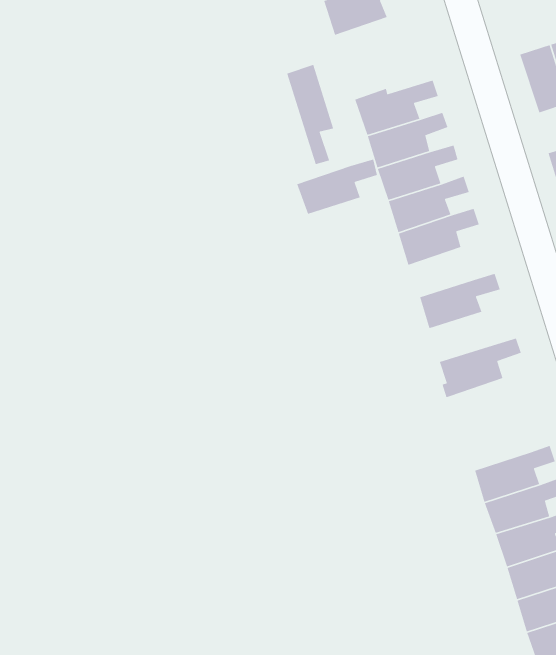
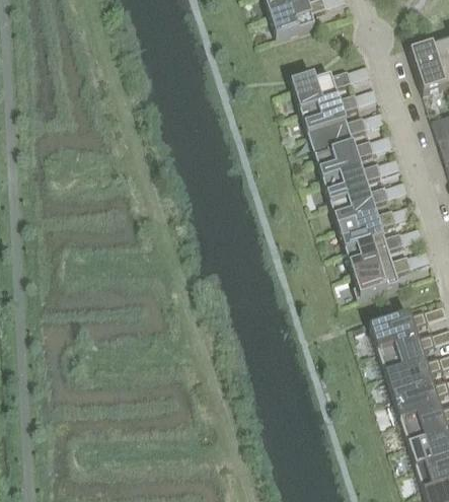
building: [286,64,334,165] -> none
building: [296,158,378,215] -> [331,185,390,225]
building: none -> [347,231,405,272]
building: none -> [372,309,430,350]

